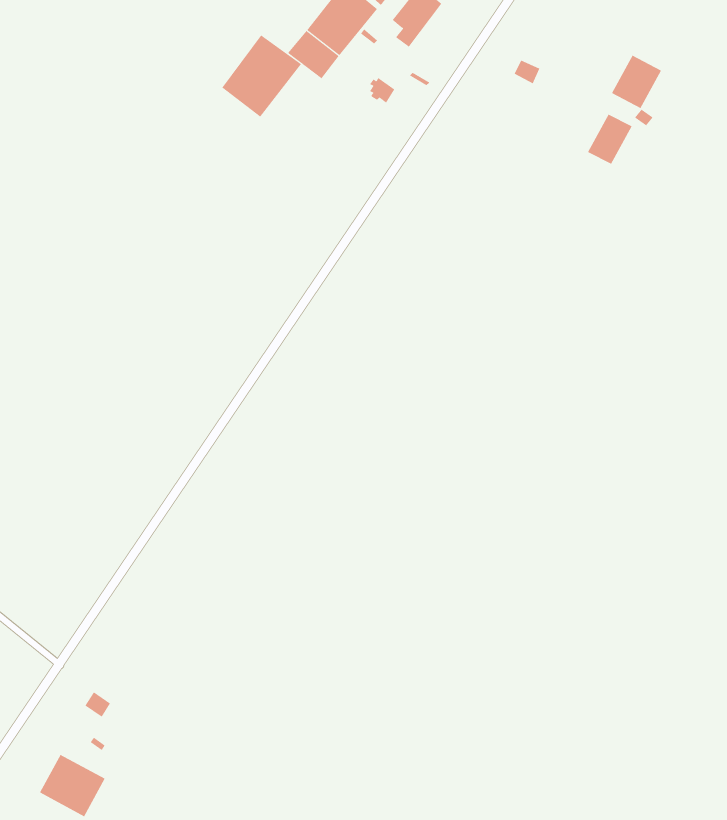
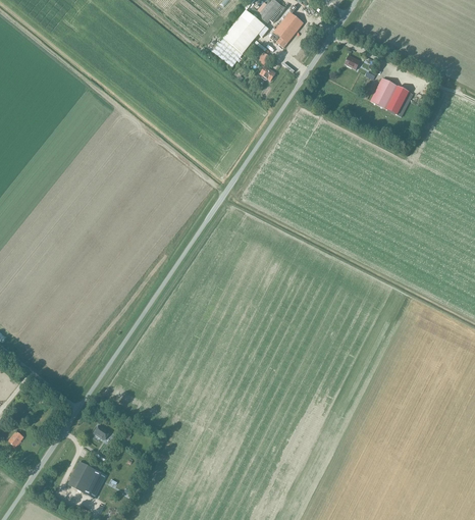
building: [222,35,302,118] -> none
building: [611,55,662,109] -> [369,77,399,109]

